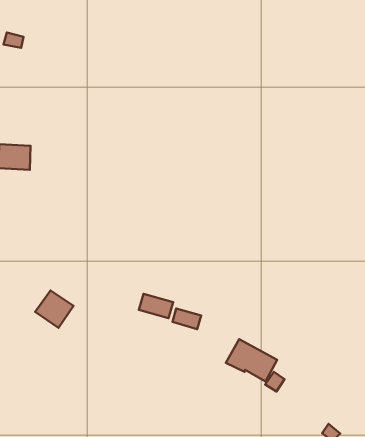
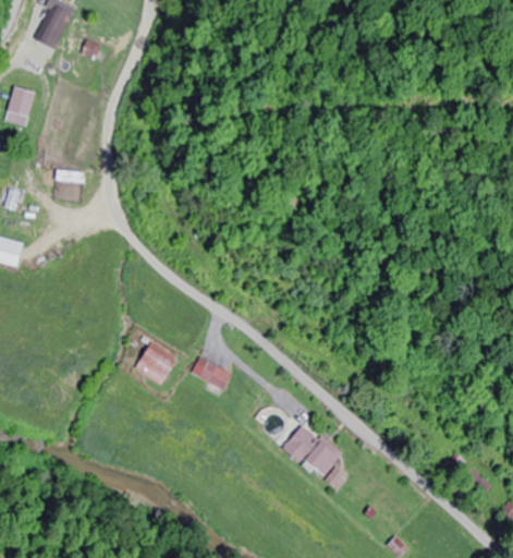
building: [35,291,74,328] -> [134,343,179,387]
building: [172,308,201,329] -> none

